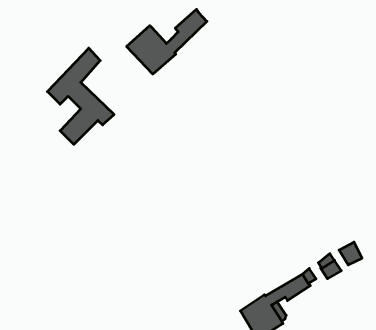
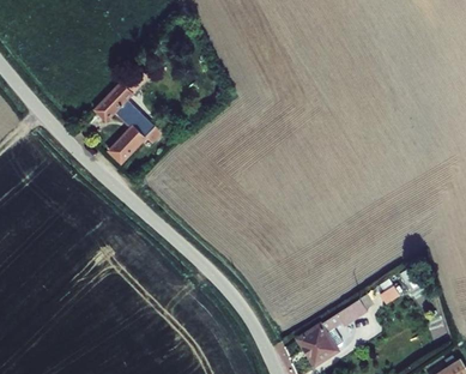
building: [127,9,207,74] -> none

